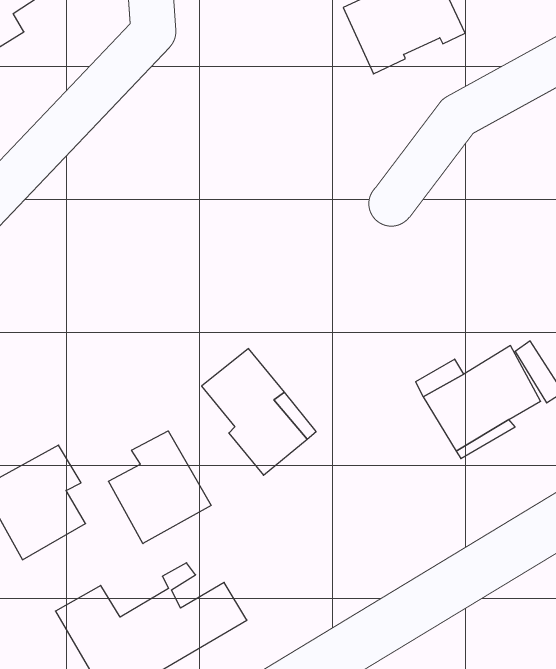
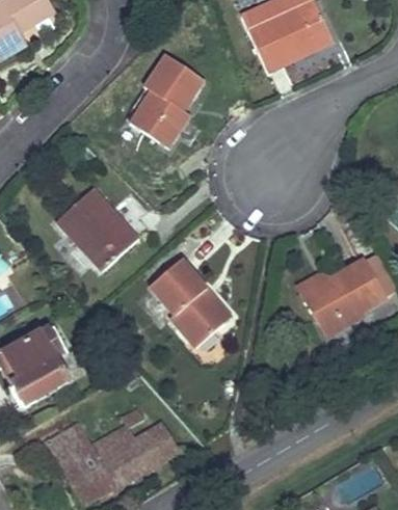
building: none -> [130,54,206,146]
building: none -> [56,185,138,266]
building: [108,431,211,544] -> none

